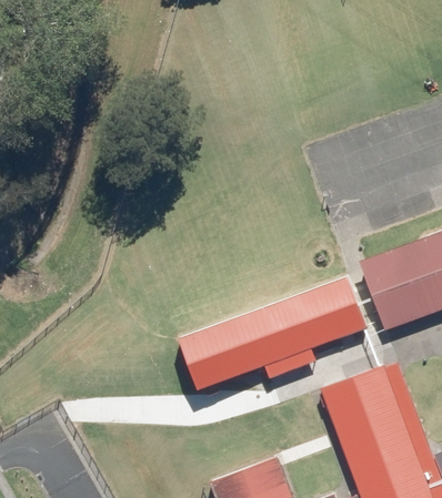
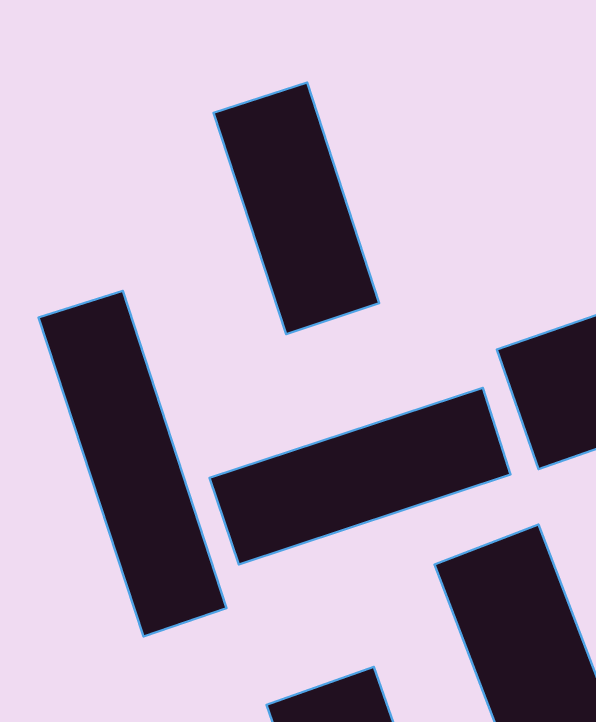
building: none -> [213,83,379,334]
building: none -> [39,291,227,637]

